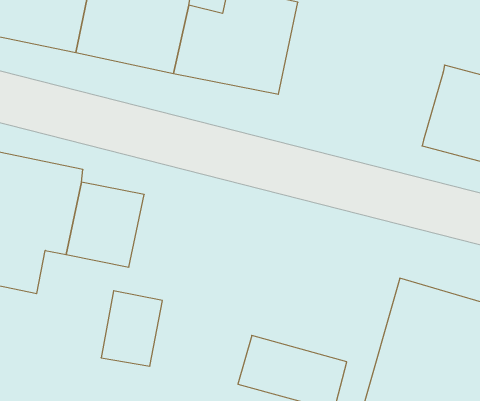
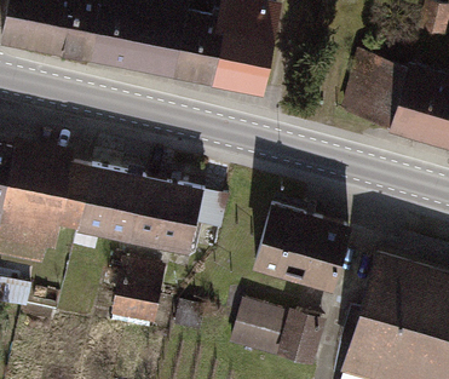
building: none -> [341,57,409,131]
building: none -> [137,178,206,253]
building: none -> [255,203,352,291]

